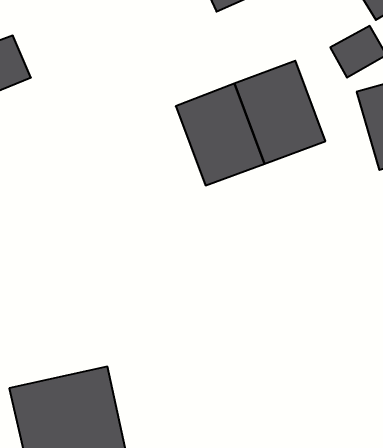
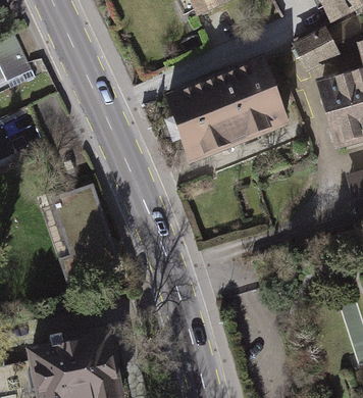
building: none -> [58,185,119,281]

